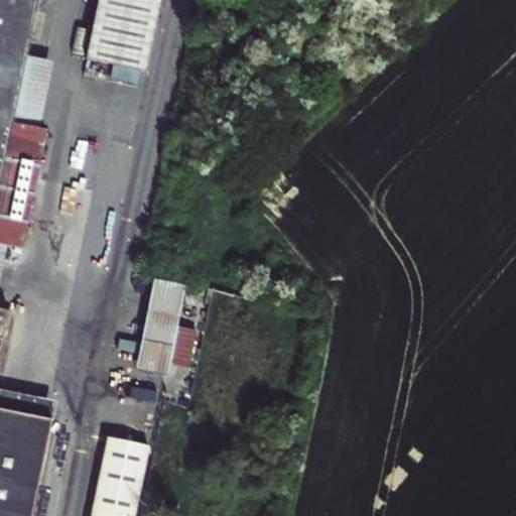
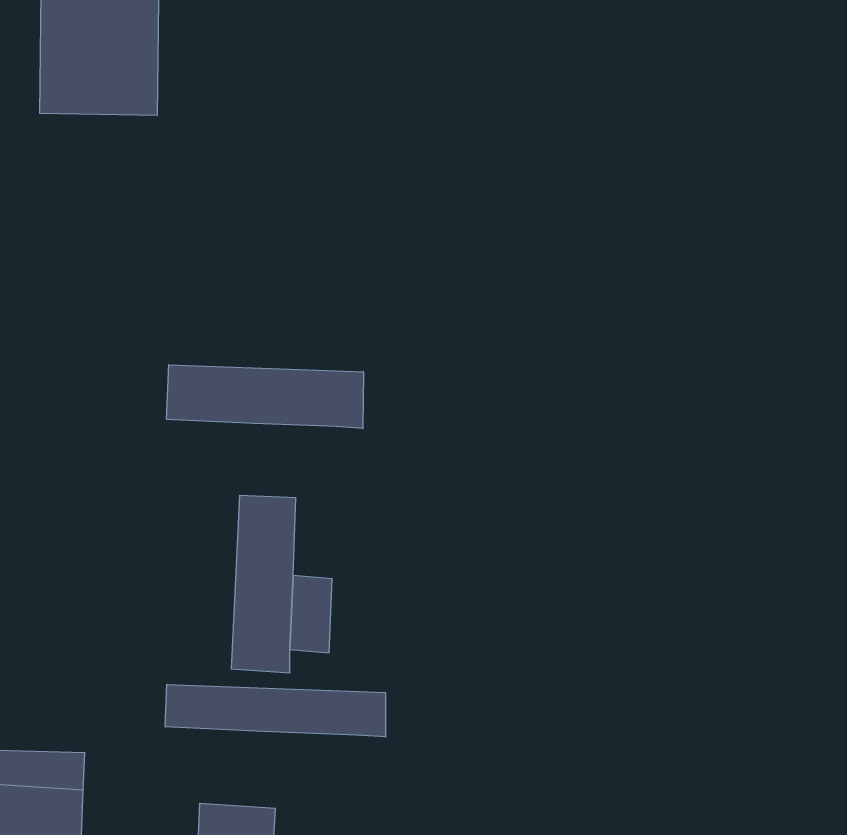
building: none -> [167,365,364,429]
building: none -> [165,684,386,737]

